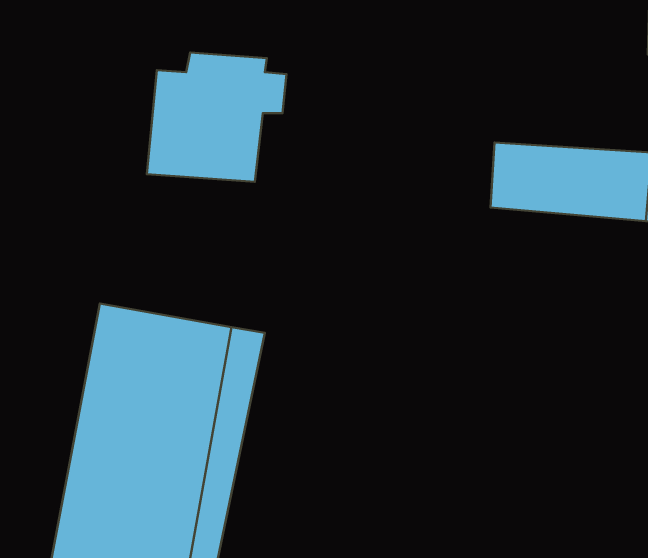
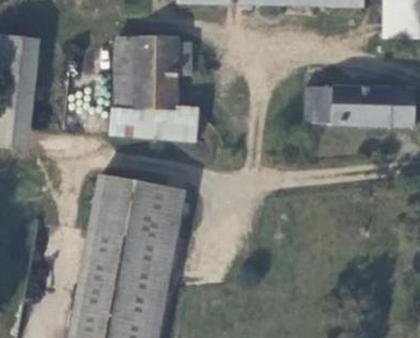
building: none -> [118,102,204,141]

